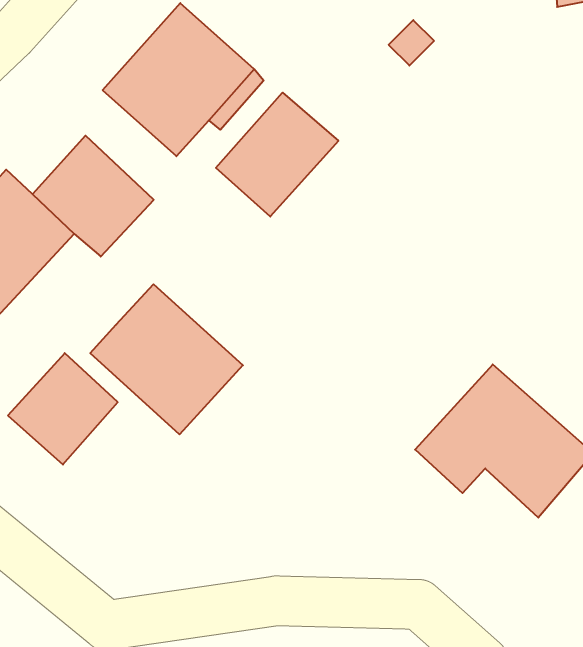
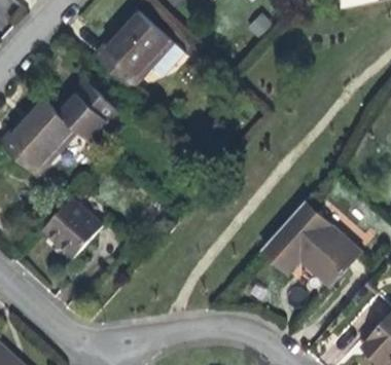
building: [216,93,338,217] -> none
building: [90,284,243,434] -> none

